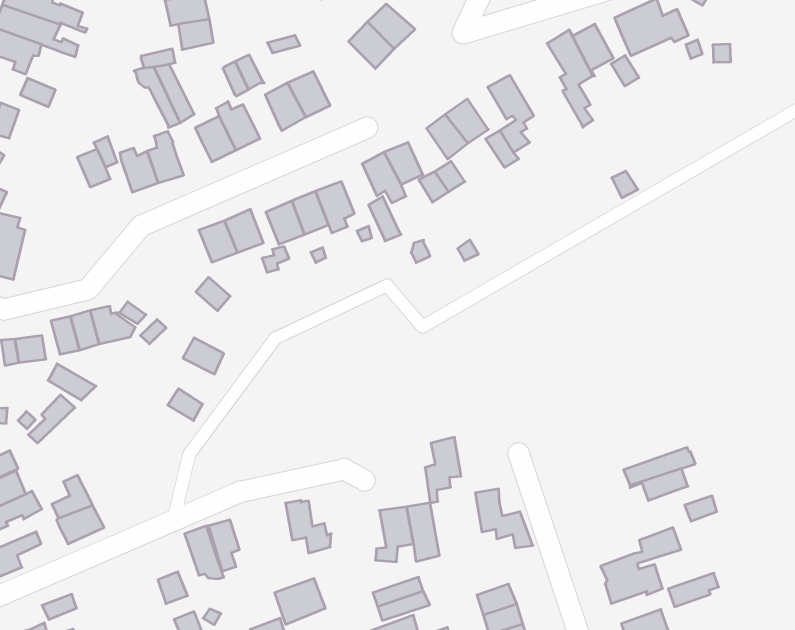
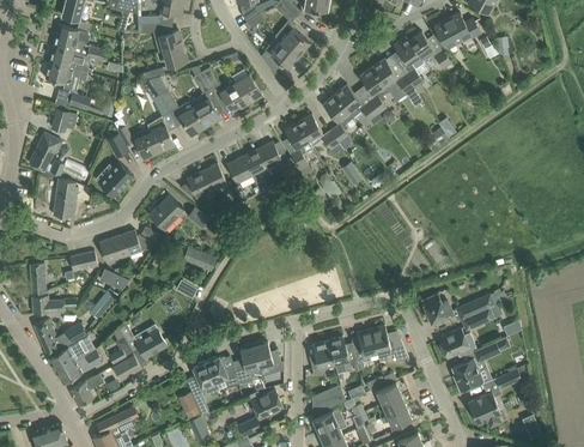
building: none -> [371,58,418,101]
building: none -> [97,162,132,197]
building: none -> [148,195,183,230]
building: [425,437,461,503] -> [353,328,376,370]
building: none -> [420,294,452,322]
building: none -> [118,324,165,357]
building: none -> [233,344,258,383]
building: none -> [439,328,476,358]

